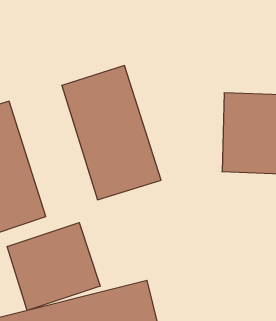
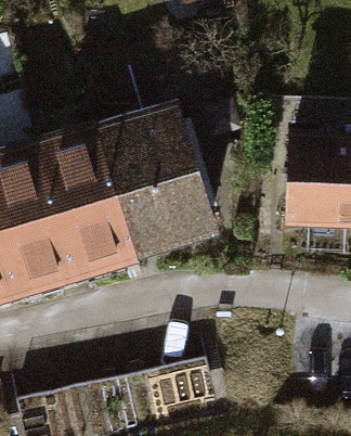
building: none -> [42,125,144,277]
building: [7,223,100,310] -> none

